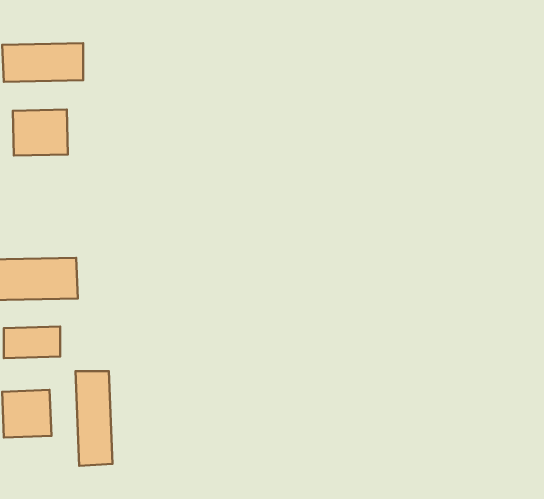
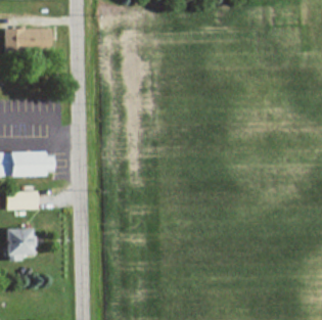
building: [13,110,68,156] -> none
building: [76,371,112,466] -> none

